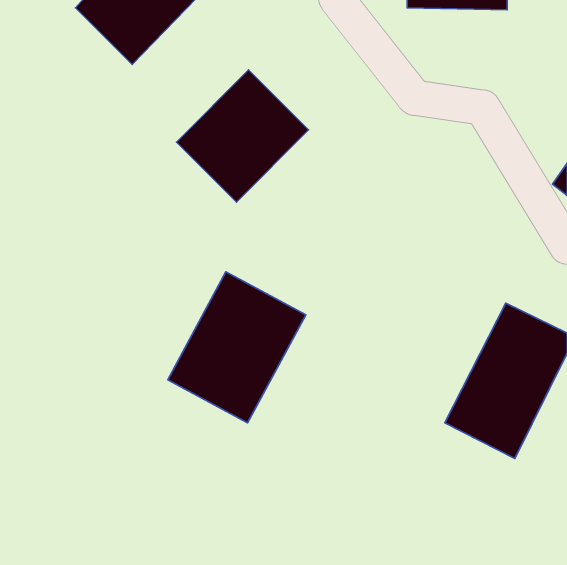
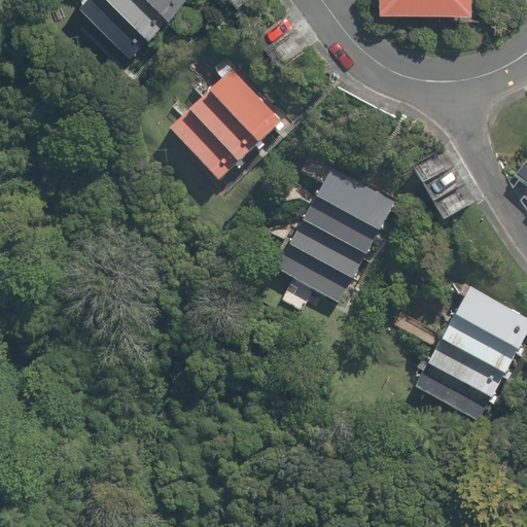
building: none -> [274,165,397,309]
building: [168,272,306,423] -> none

